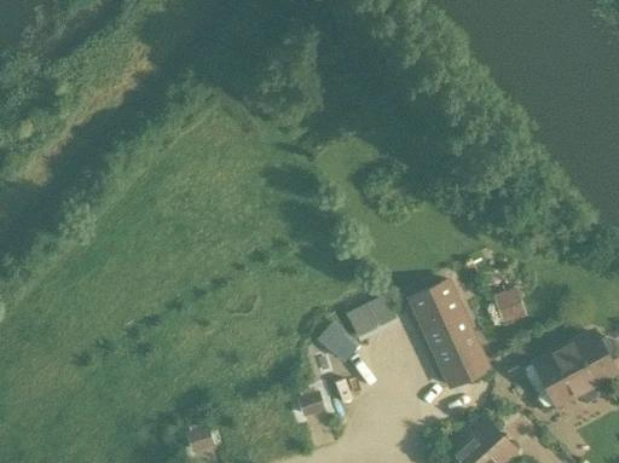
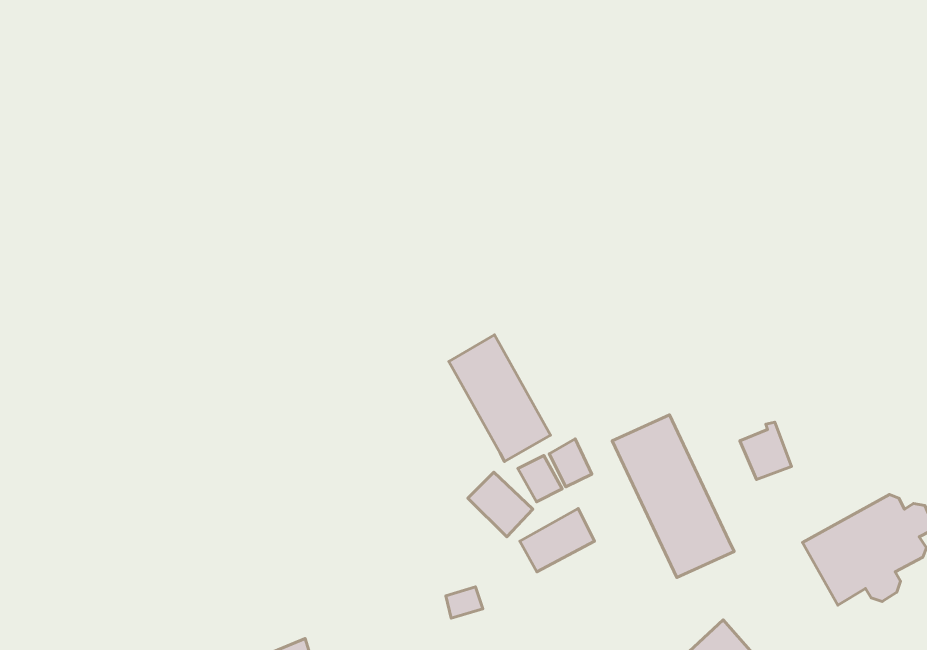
building: none -> [449,335,550,462]
building: none -> [520,509,594,572]

